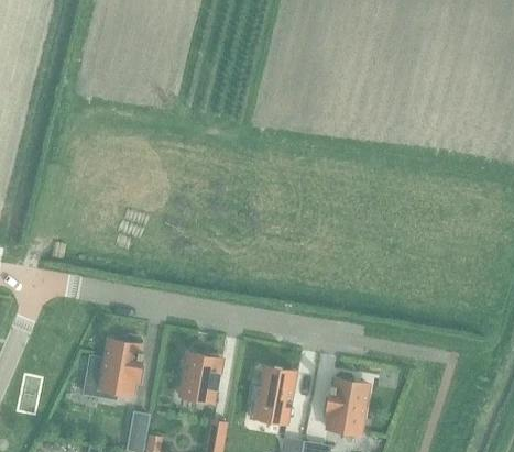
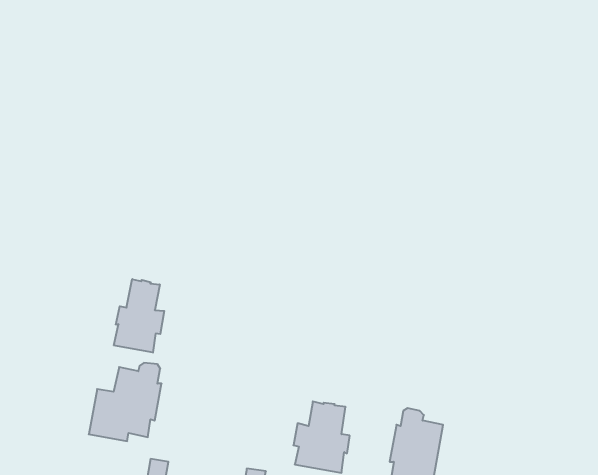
building: none -> [114,279,164,353]
building: [181,354,221,403] -> none

